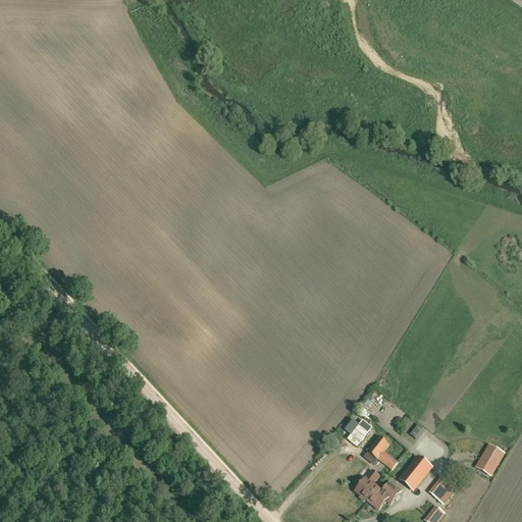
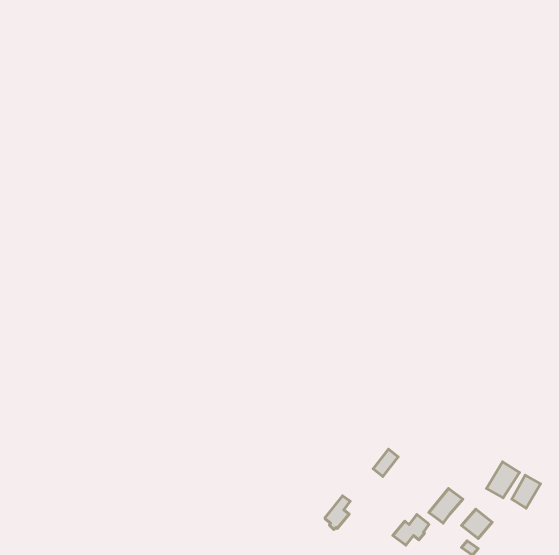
building: none -> [487,462,519,498]
building: [367,434,398,468] -> none
building: [355,469,378,501] -> [325,496,350,530]

